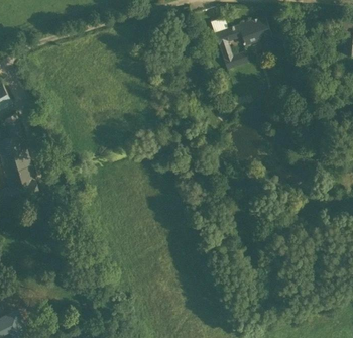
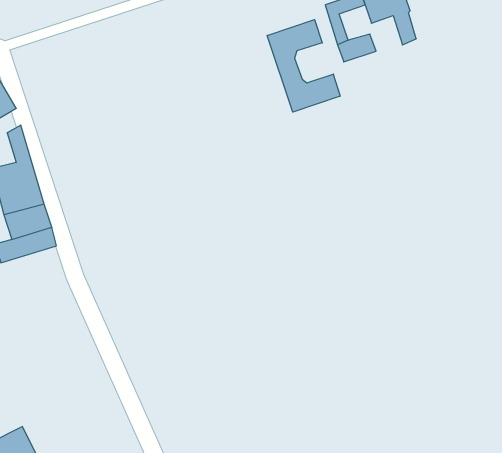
building: none -> [267,20,340,112]

